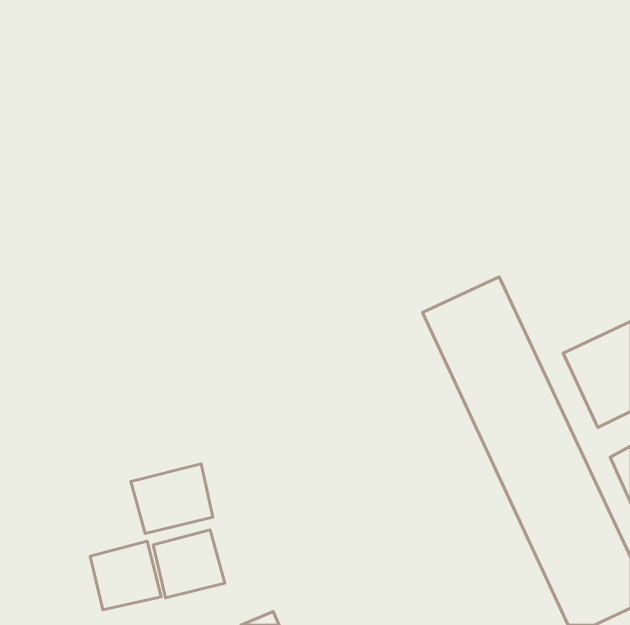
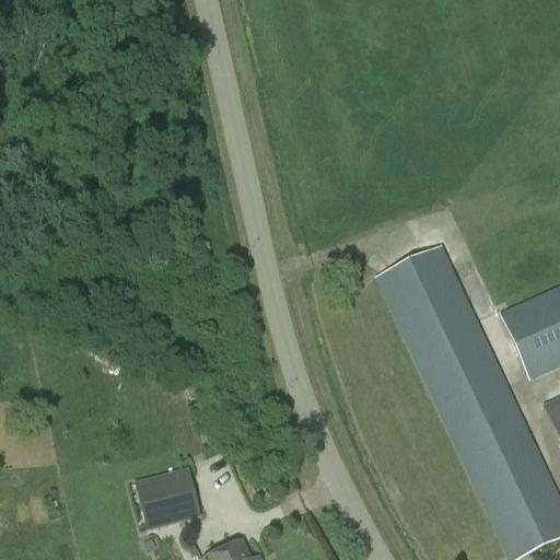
building: [131,464,213,534] -> none
building: [90,541,161,610] -> none

